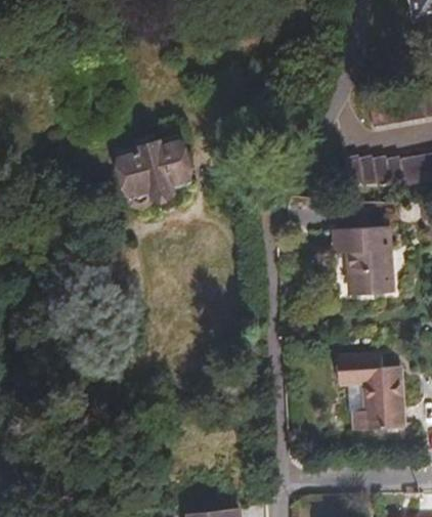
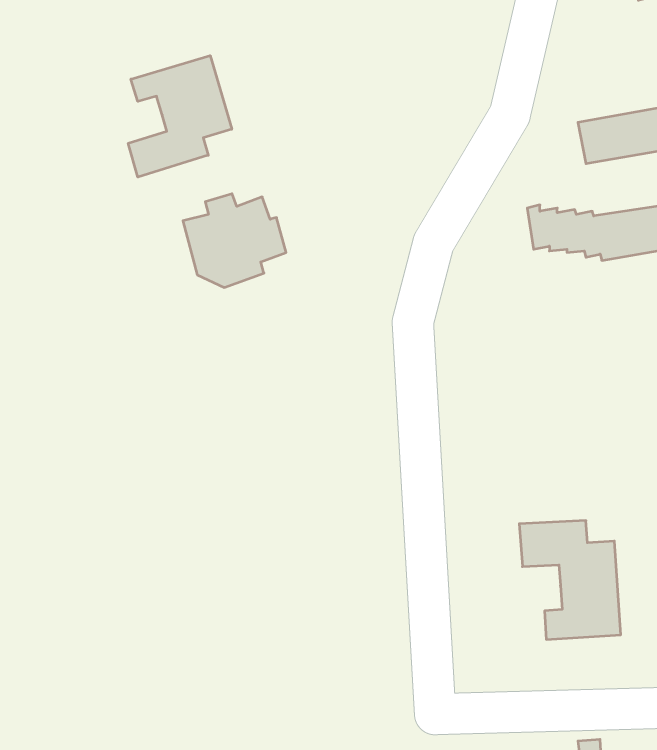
building: none -> [128,56,232,177]
building: [334,225,393,296] -> none

